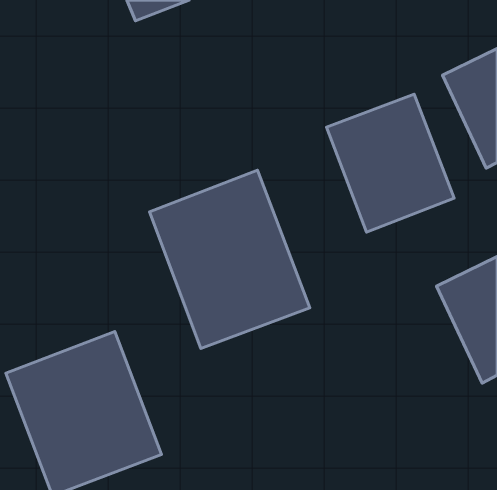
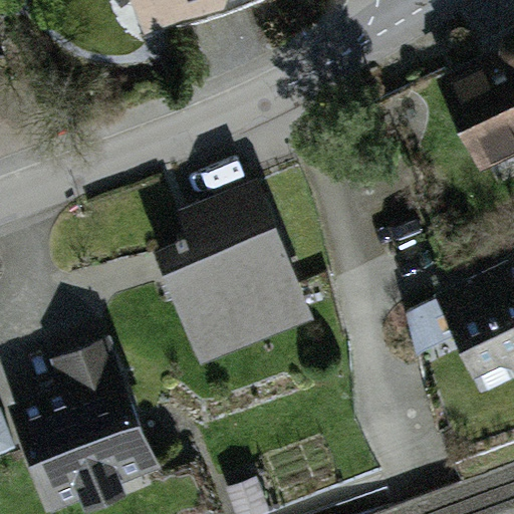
building: [326,94,454,232] -> none

